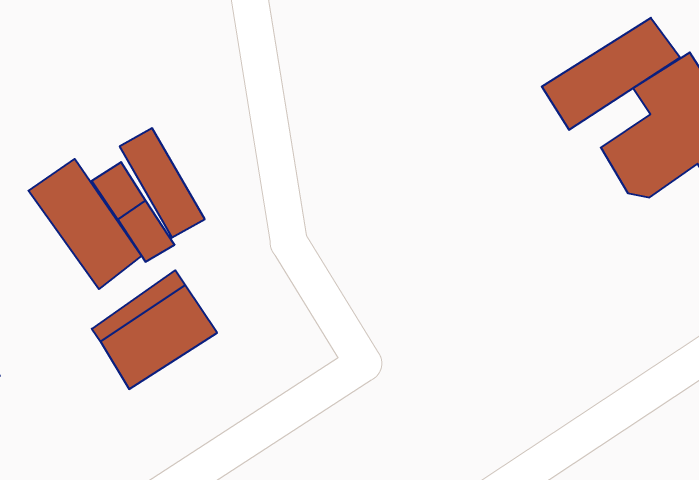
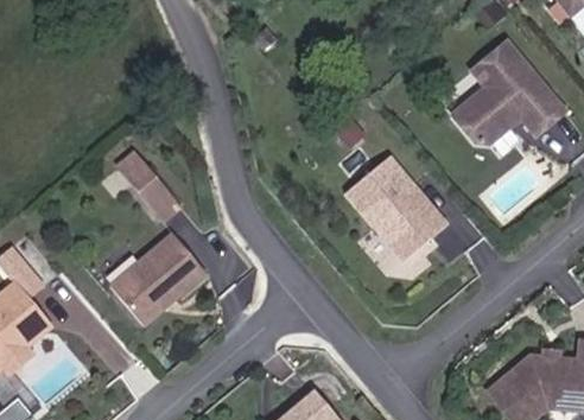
building: [542,18,680,130] -> none
building: [28,159,142,289] -> none
building: none -> [347,152,447,260]

